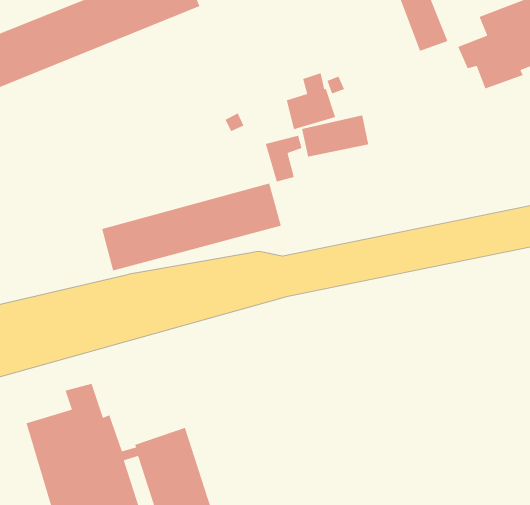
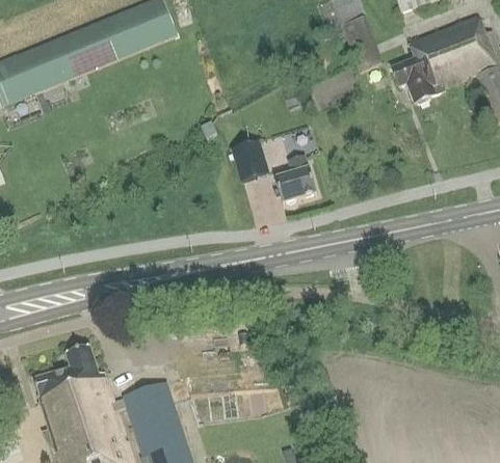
building: [286,72,336,130] -> [275,155,317,202]
building: [101,182,282,271] -> none

